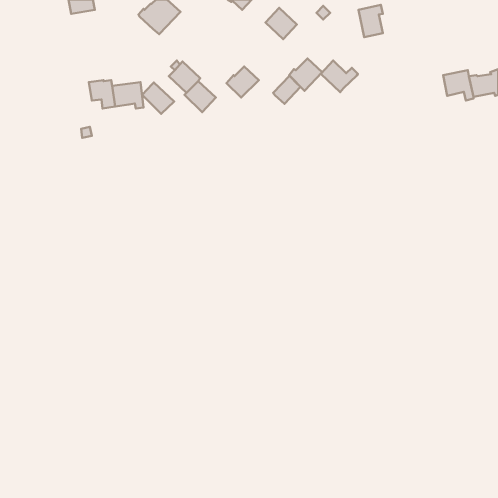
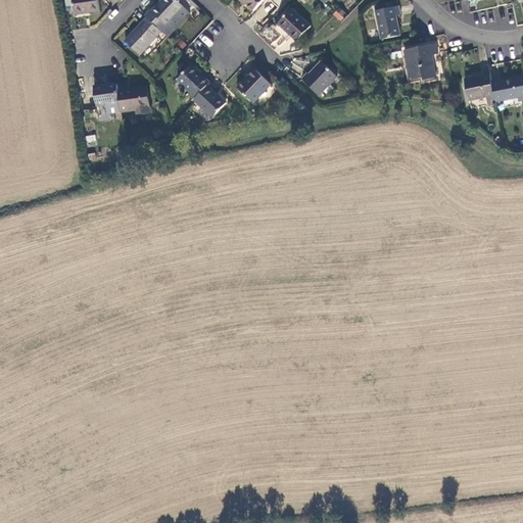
building: none -> [125,17,160,54]
building: none -> [403,43,437,80]
building: [321,60,358,92] -> none
building: [273,76,301,104] -> none
building: [142,82,174,114] -> none

